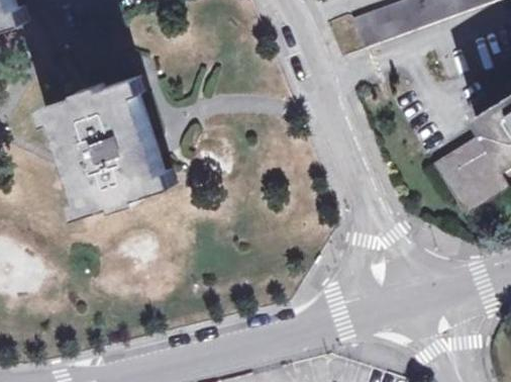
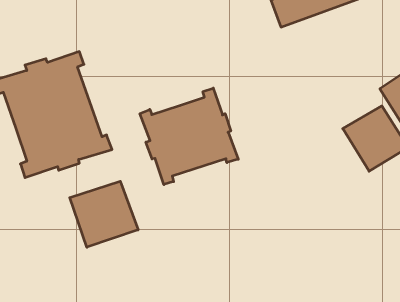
building: none -> [140,88,238,185]
building: none -> [70,181,138,247]

